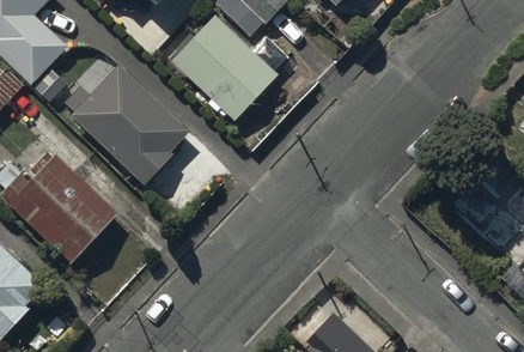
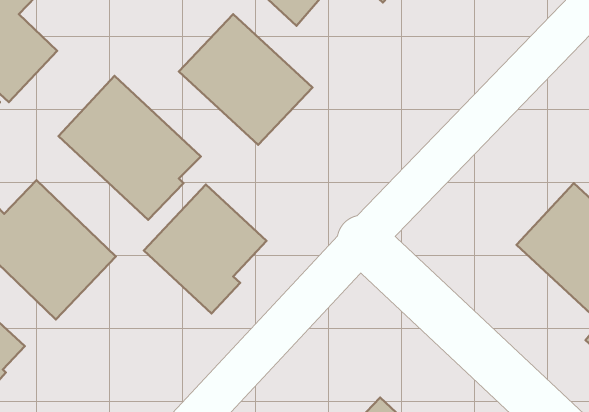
building: none -> [144,184,267,313]

